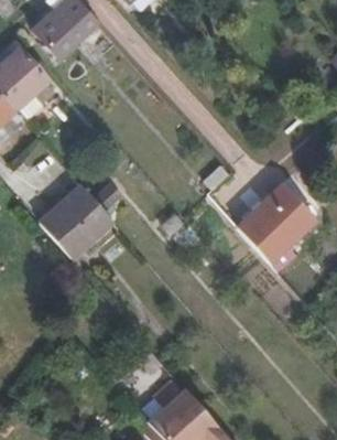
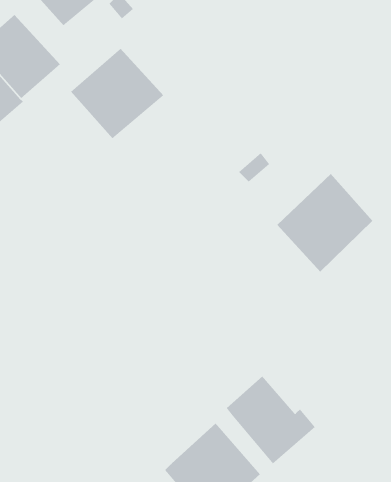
building: [39,185,117,261] -> [70,48,164,139]
building: none -> [226,375,316,465]

